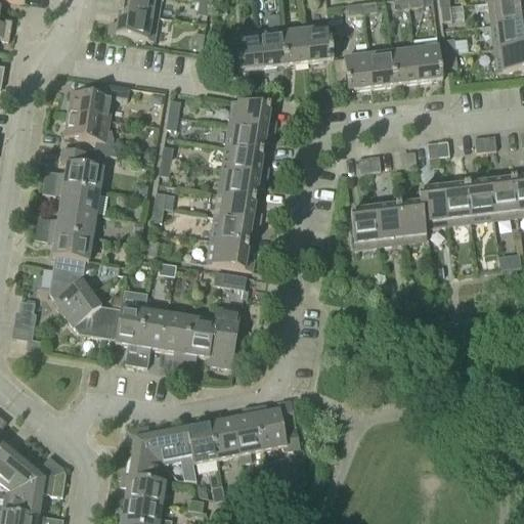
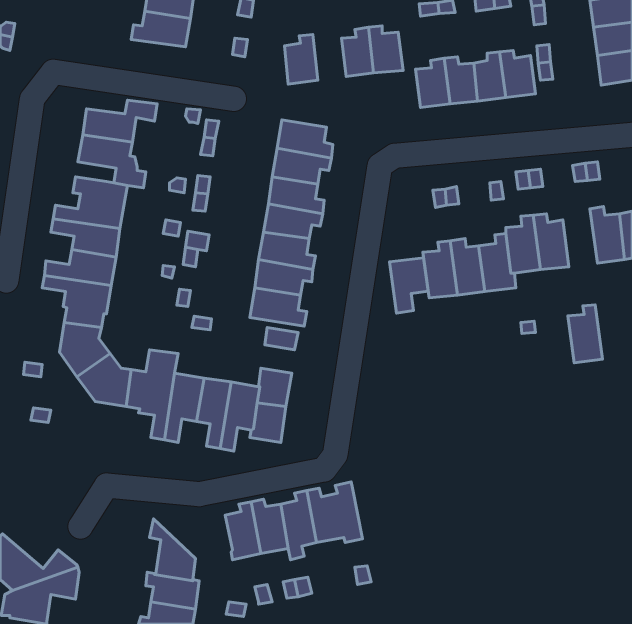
building: [259,26,287,67] -> none
building: [466,173,494,221] -> [568,305,603,363]
building: none -> [389,258,428,313]
building: [127,426,196,481] -> none

